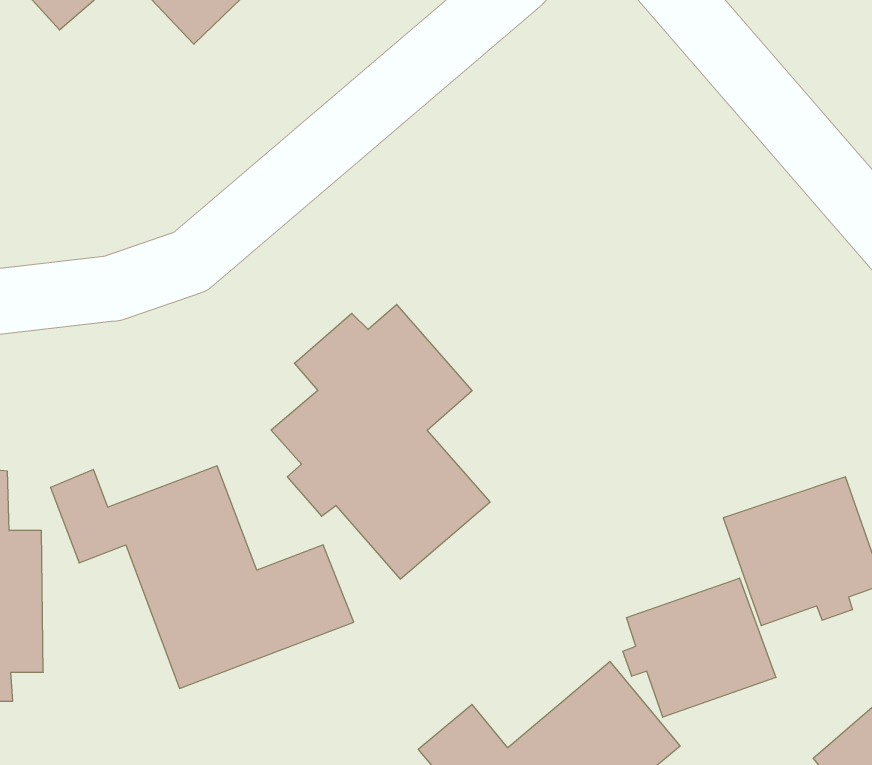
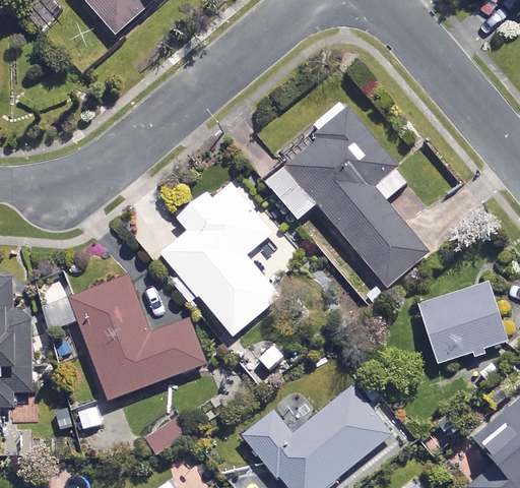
building: none -> [265,97,427,287]
building: [623,578,776,717] -> none

